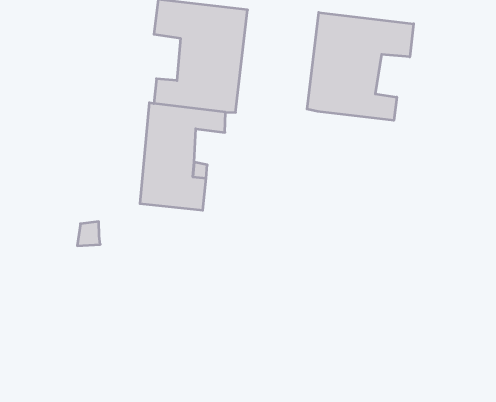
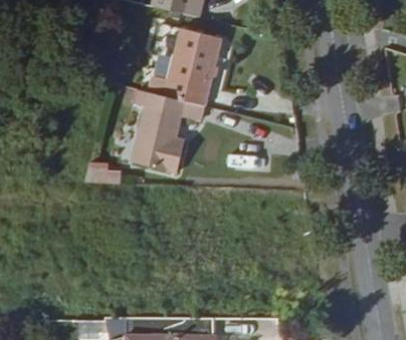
building: [307,12,414,120] -> none

